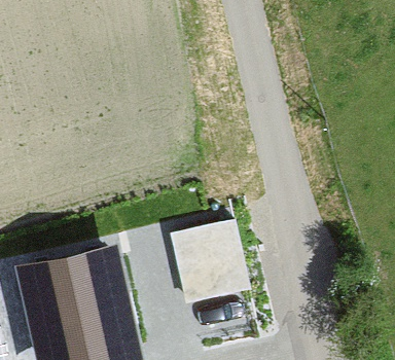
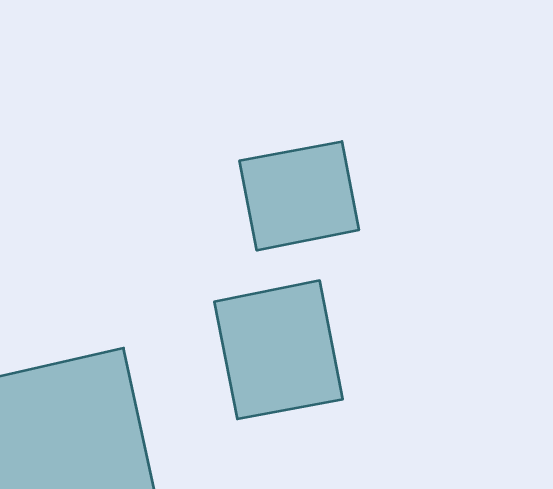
building: none -> [240,141,359,250]

